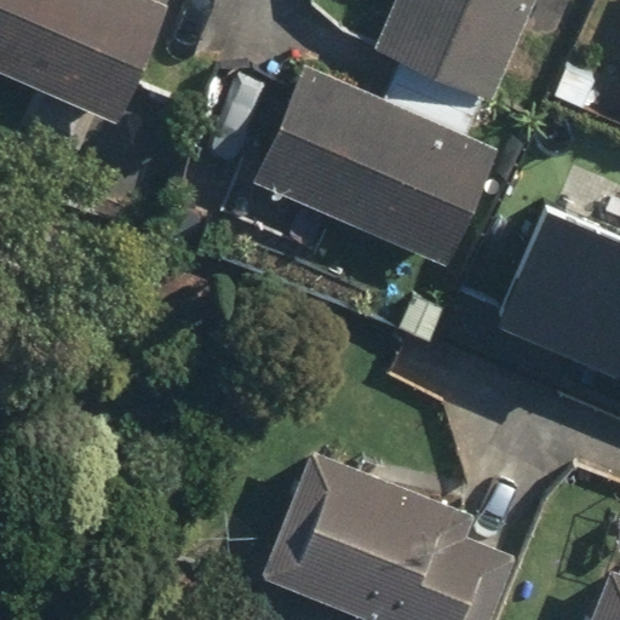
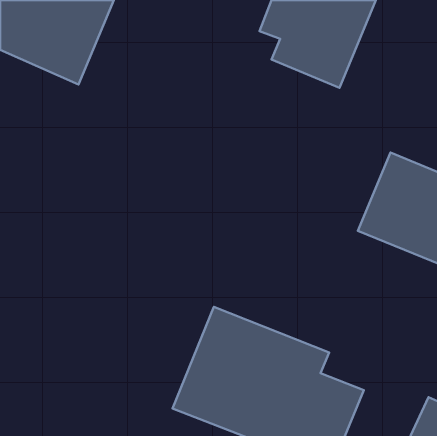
building: [248,54,503,265] -> none

